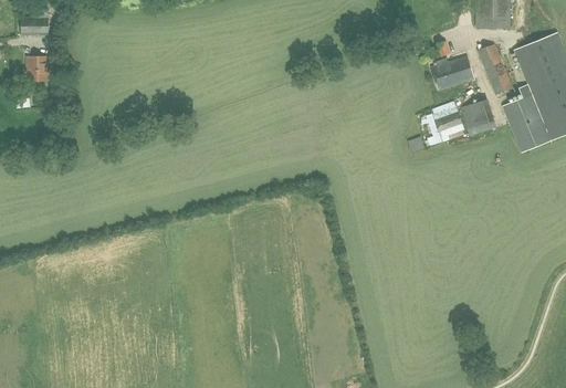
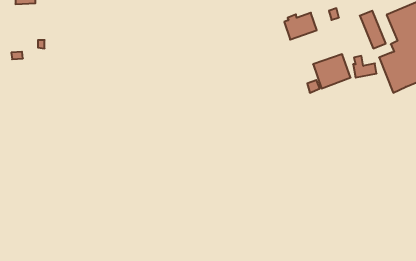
building: [431,54,474,90] -> [284,13,317,40]
building: [27,55,49,80] -> none

